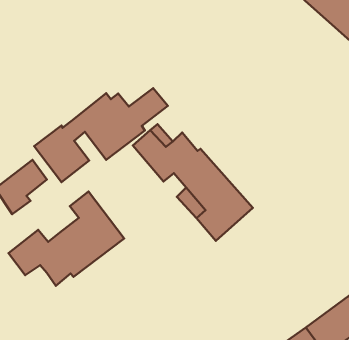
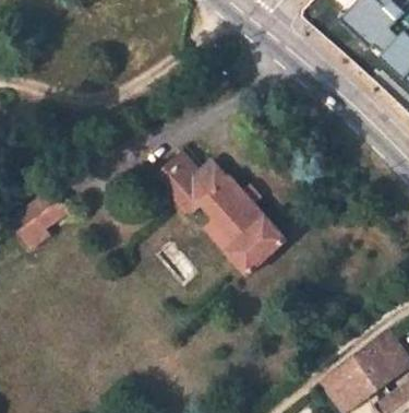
building: [34,88,168,182] -> none
building: [8,192,124,286] -> none

